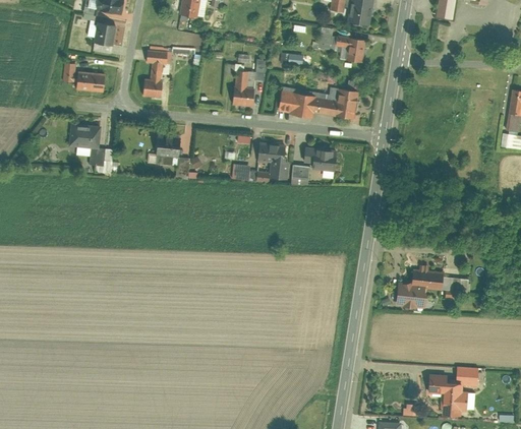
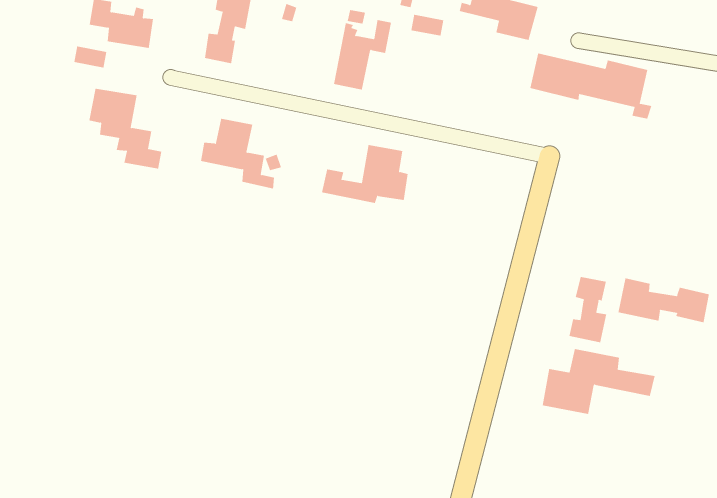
building: [279,86,363,124] -> [529,53,652,119]
building: [292,147,335,179] -> none
building: none -> [618,278,710,323]
building: none -> [569,276,607,343]

